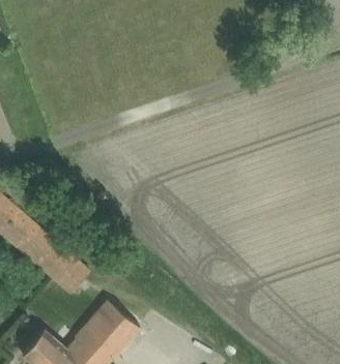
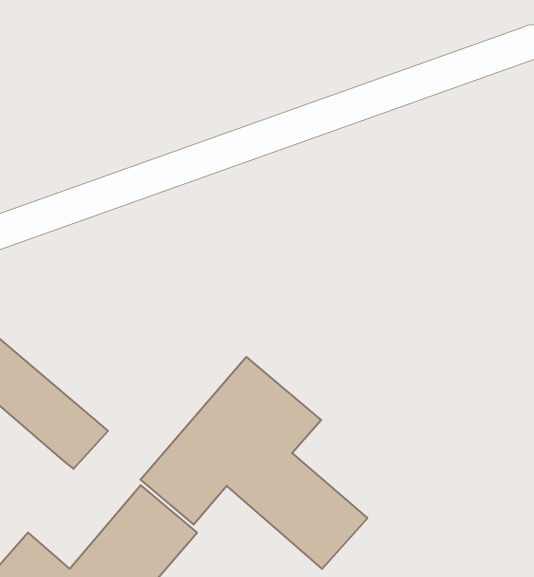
building: none -> [140,357,367,569]

